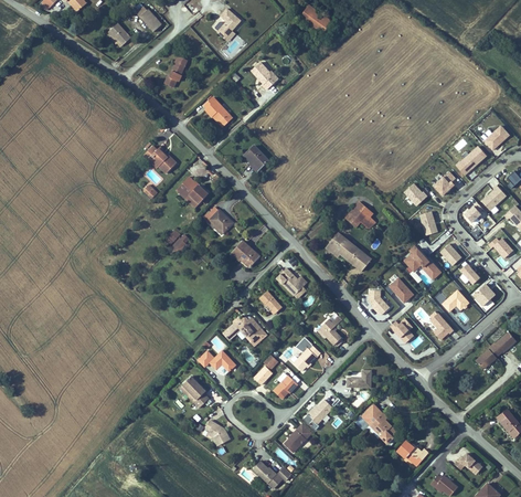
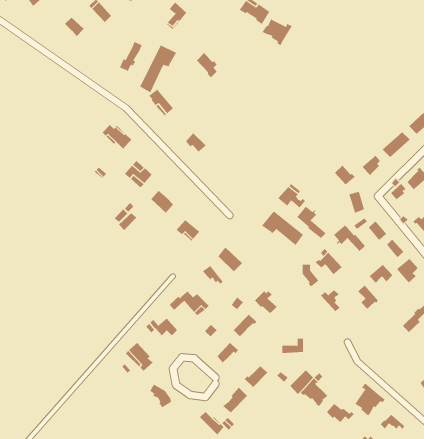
building: none -> [262,19,292,46]
building: none -> [139,44,177,93]
building: none -> [297,206,326,239]
building: none -> [354,383,386,417]

